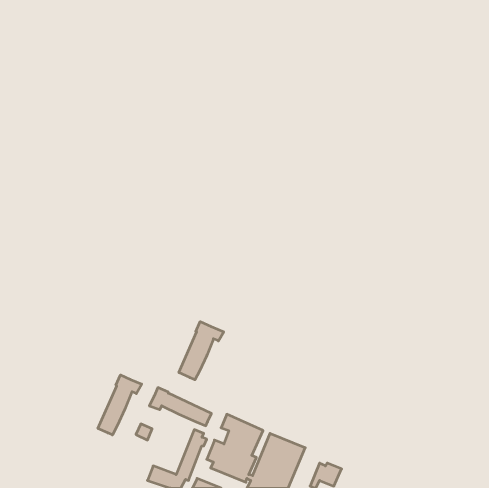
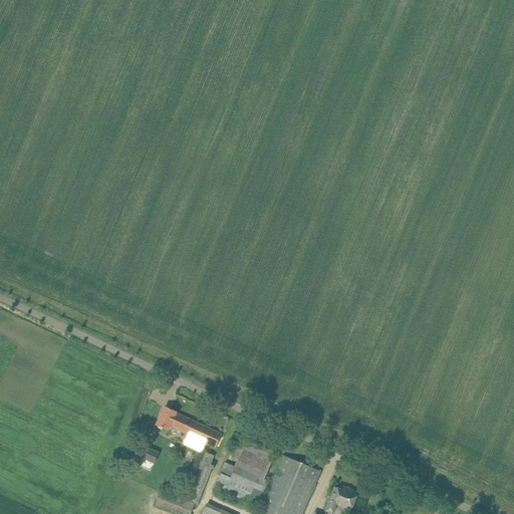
building: [179,322,224,380] -> none
building: [98,375,142,435] -> none

